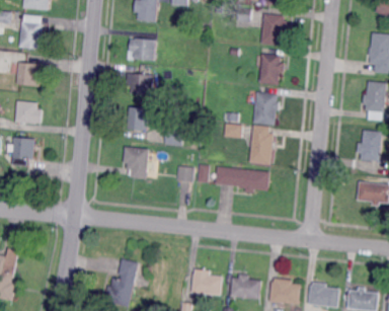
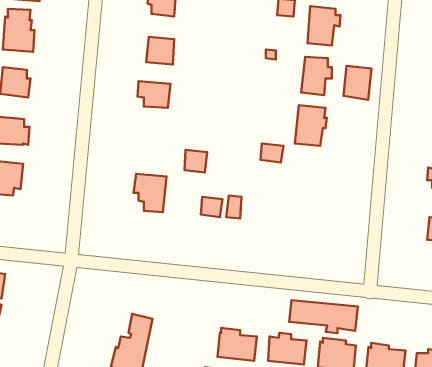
building: none -> [343,66,372,100]
building: [127,106,148,130] -> none
building: [249,125,273,163] -> none
building: [215,166,269,192] -> [289,300,358,333]

